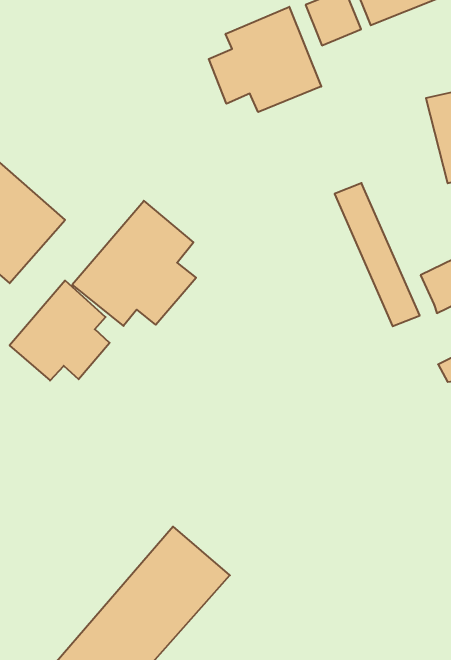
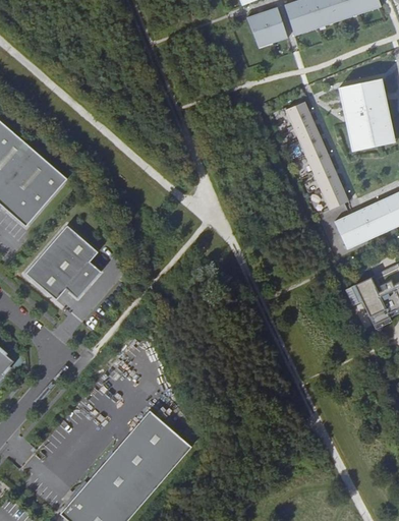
building: [209,7,321,112] -> none
building: [335,183,420,326] -> [286,103,350,211]
building: [72,201,196,326] -> none

